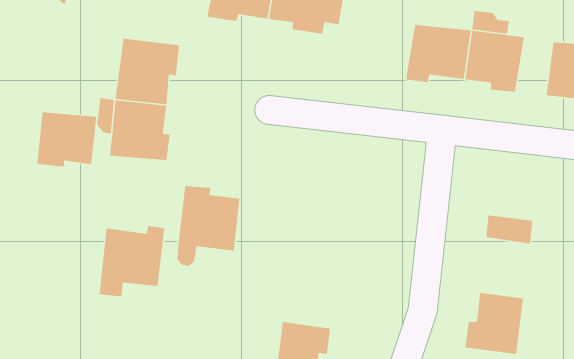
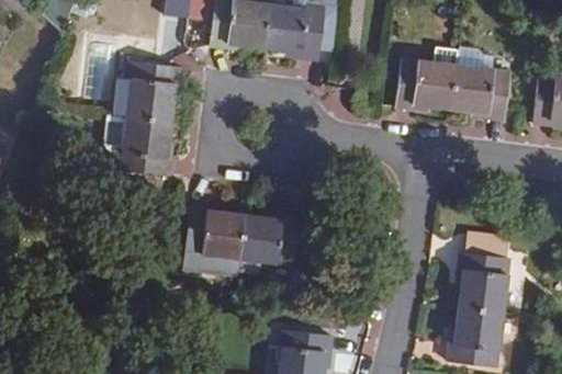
building: [36,111,97,168] -> none
building: [99,225,165,297] -> [234,218,296,286]
building: none -> [463,257,515,315]

